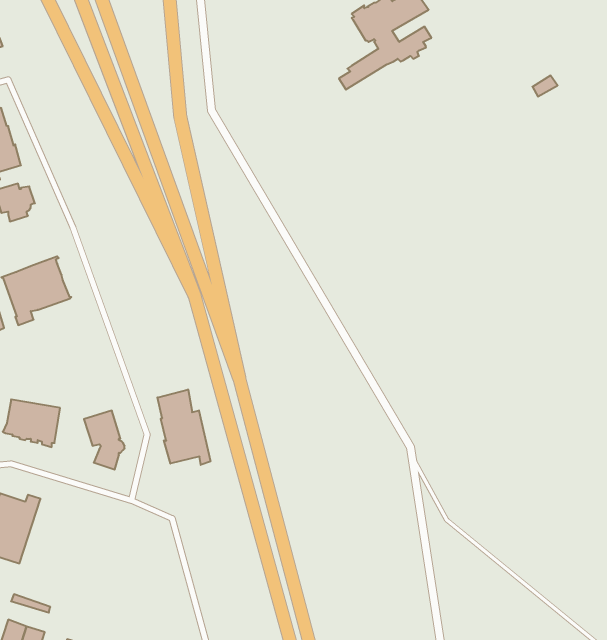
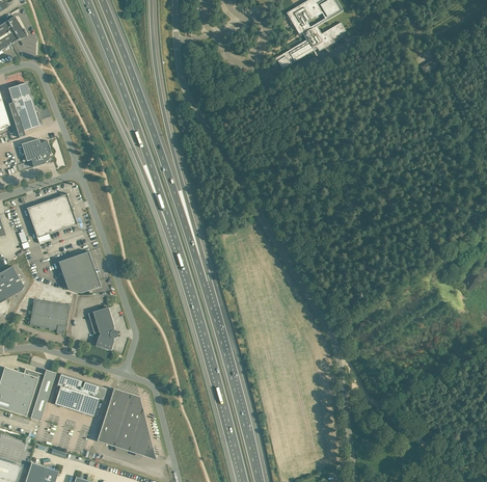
building: none -> [58,250,100,292]
building: [157,389,210,465] -> none
building: none -> [54,373,105,416]
building: none -> [98,390,151,454]

